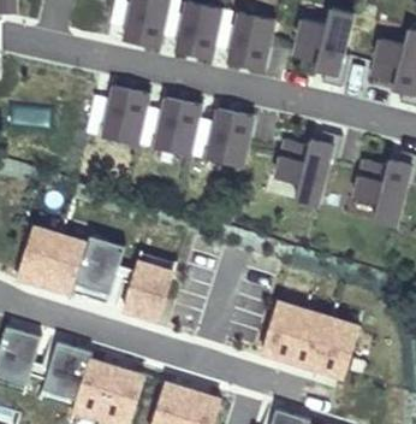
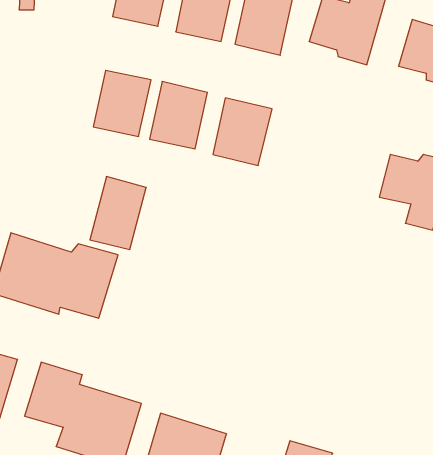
building: [272,139,334,205] -> none
building: [121,261,171,325] -> [90,177,146,250]
building: [256,302,358,385] -> none

